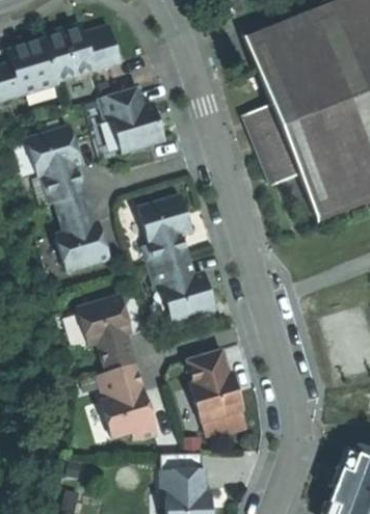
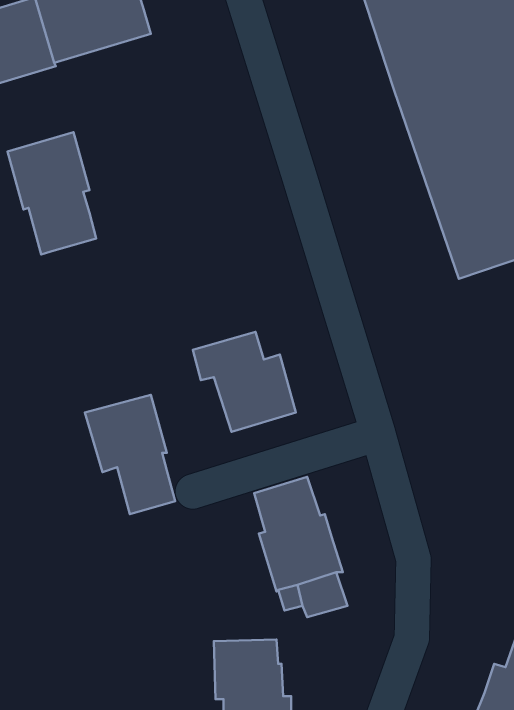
building: [96,87,163,154] -> none
building: [250,100,300,181] -> none
building: [136,193,189,267] -> none
building: [54,195,108,271] -> none
building: [96,364,154,440] -> none

